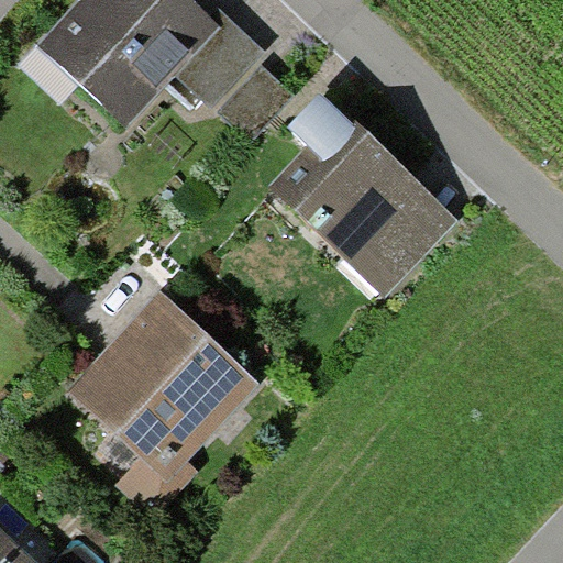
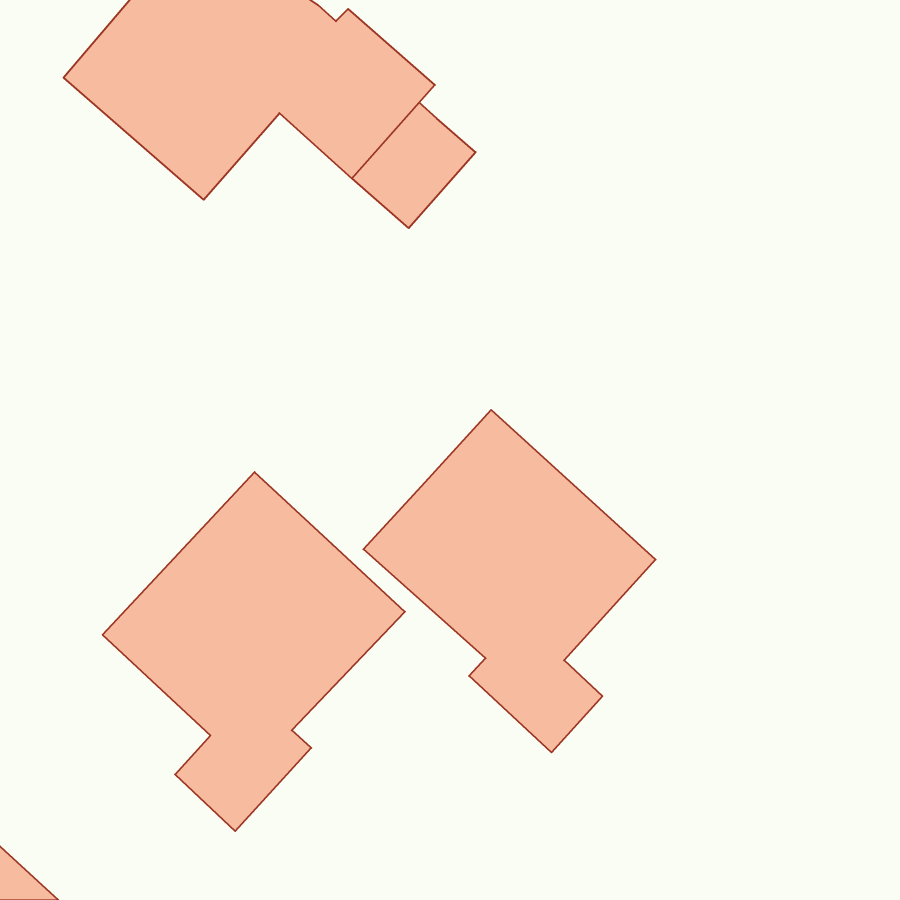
building: [271,92,457,294] -> none
building: none -> [363,410,656,752]

